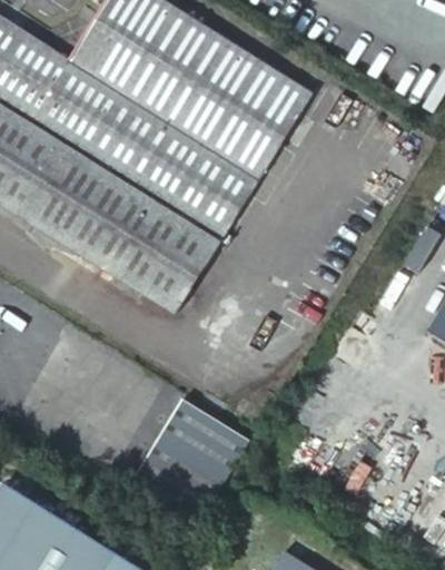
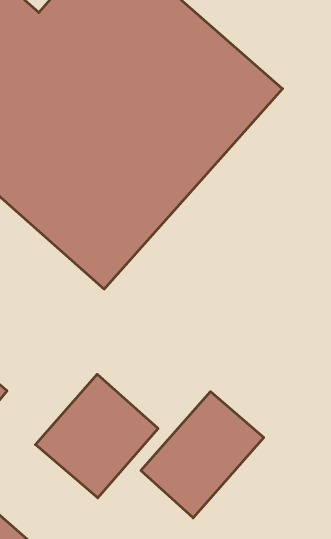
building: none -> [141,392,264,518]

